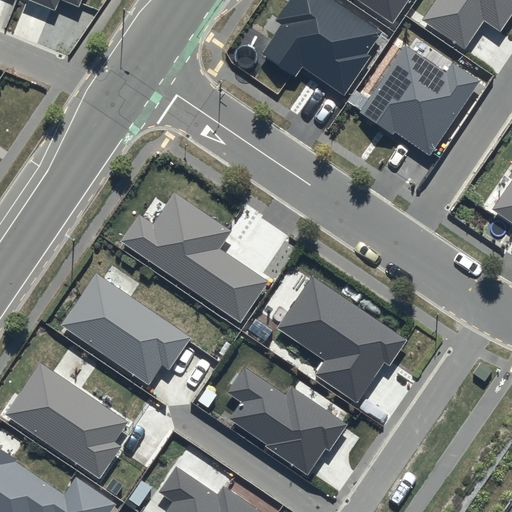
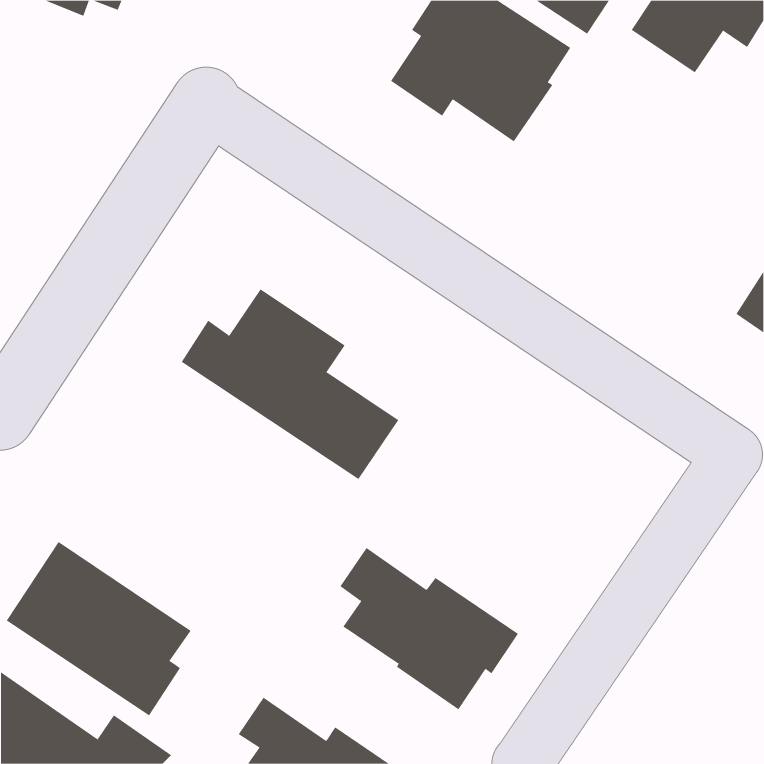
building: [359,44,481,156] -> none
building: [62,274,192,383] -> none
building: [276,276,407,403] -> none

